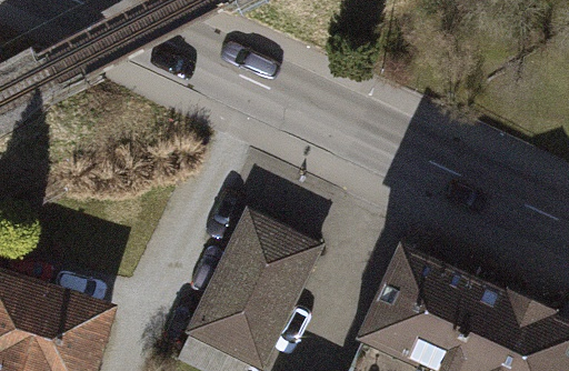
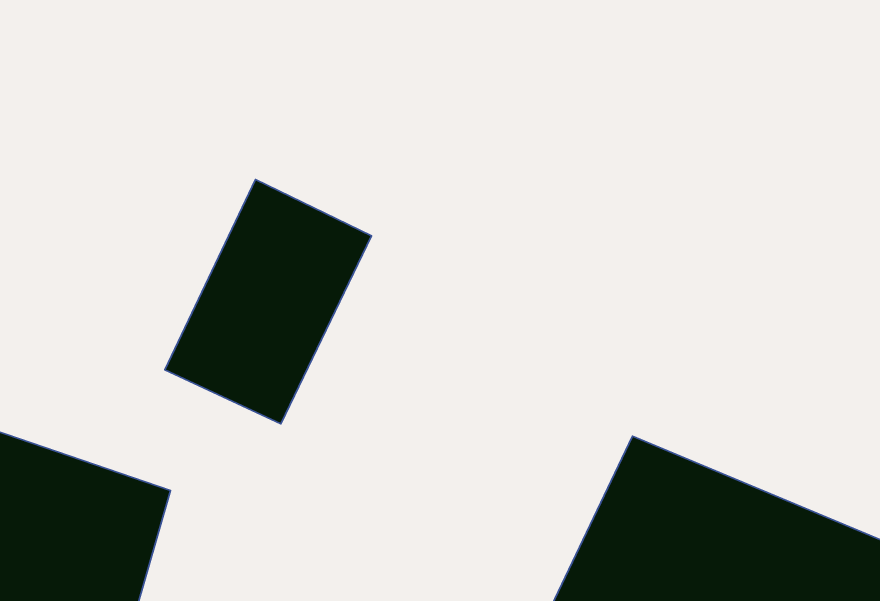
building: [191,213,318,363] -> [165,180,372,424]

